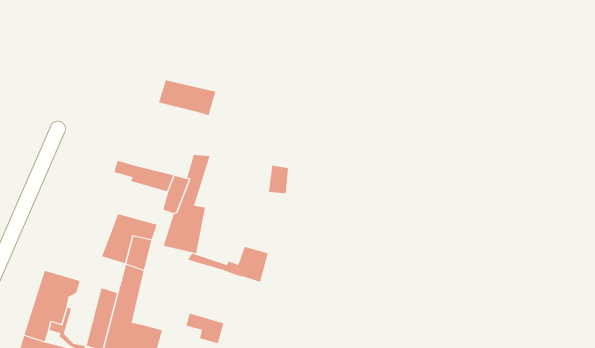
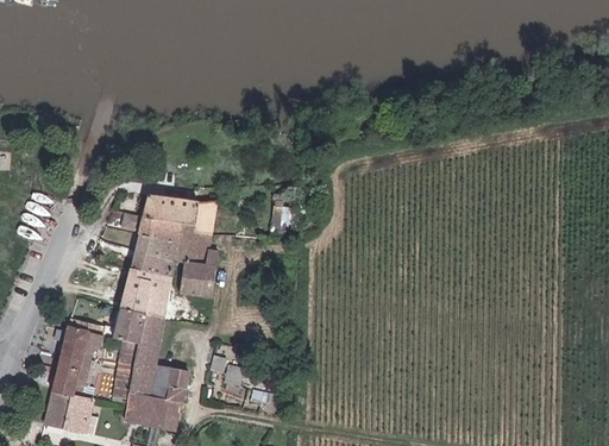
building: [158,80,216,116] -> [144,195,199,226]
building: none -> [131,233,177,272]
building: [187,246,268,282] -> [65,308,143,341]

